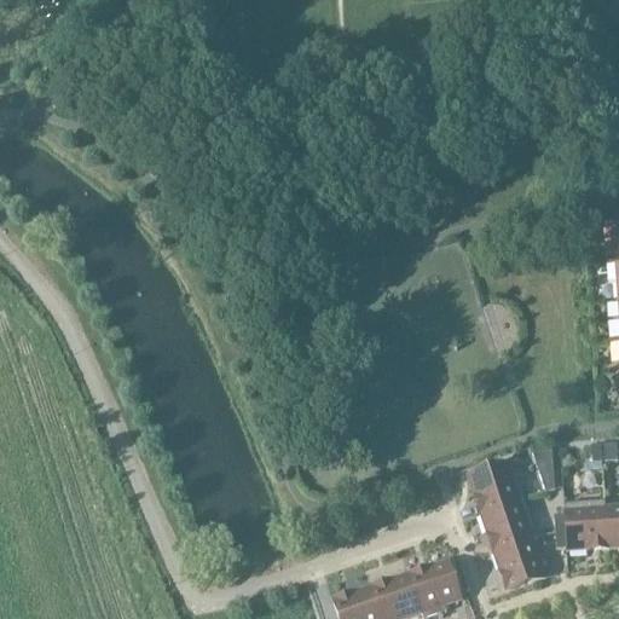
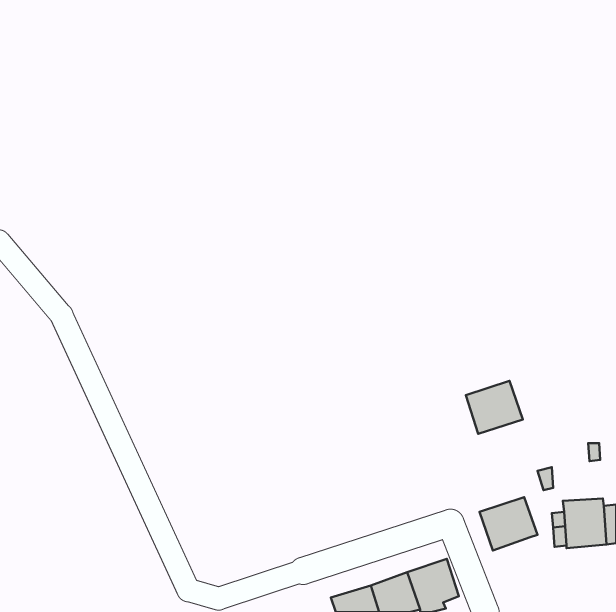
building: [468,459,525,513] -> [466,381,523,434]
building: [493,538,546,589] -> none

